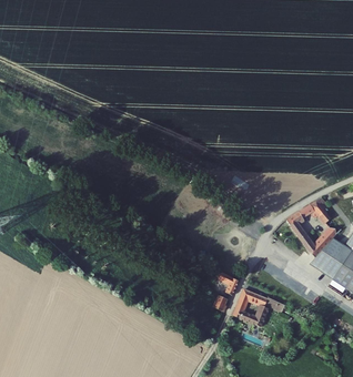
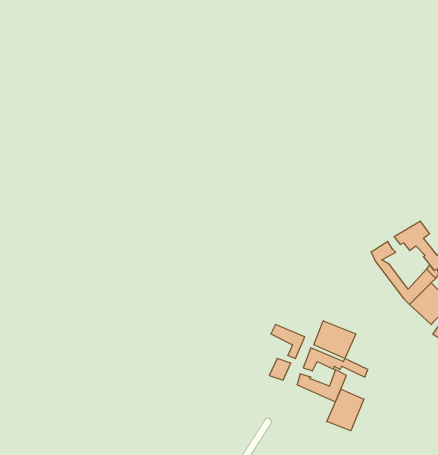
building: none -> [314,321,356,359]
building: none -> [327,389,364,431]

